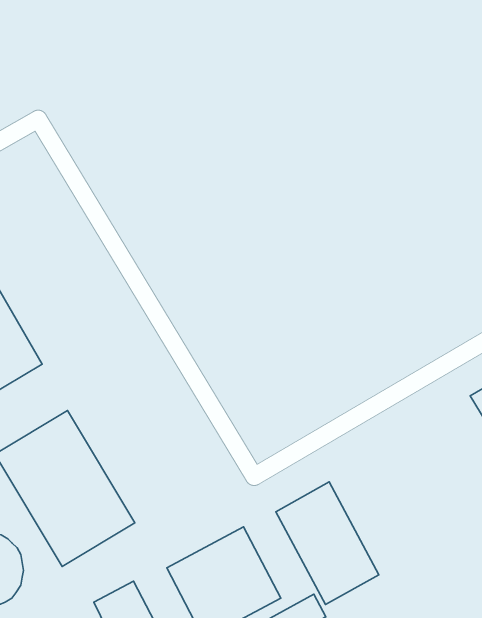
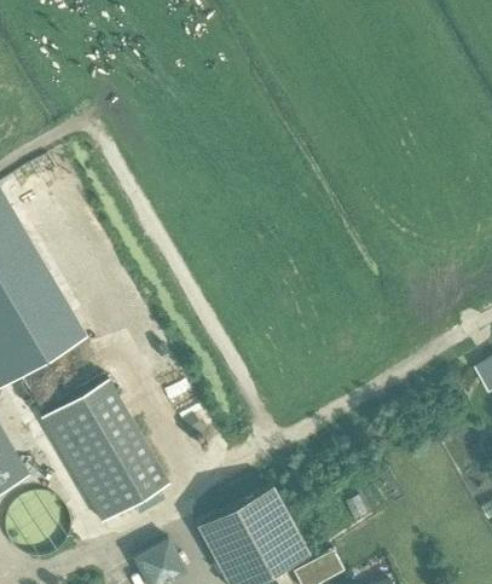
building: [276,482,379,605] -> none

